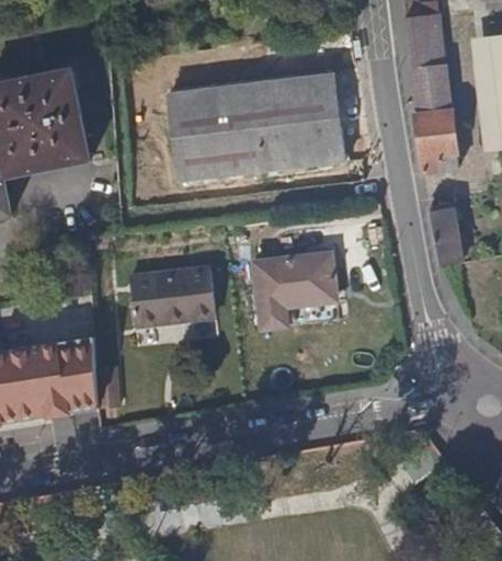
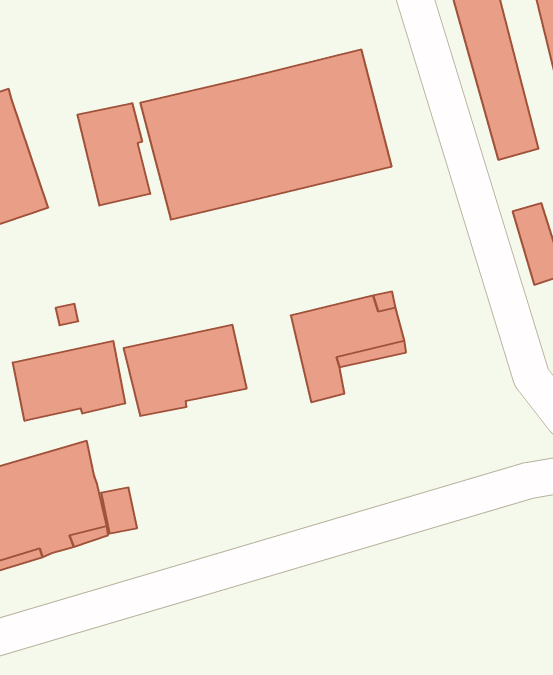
building: none -> [78,103,150,206]
building: none -> [13,341,125,421]

